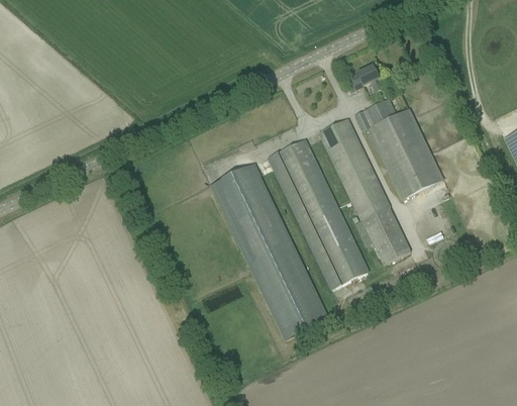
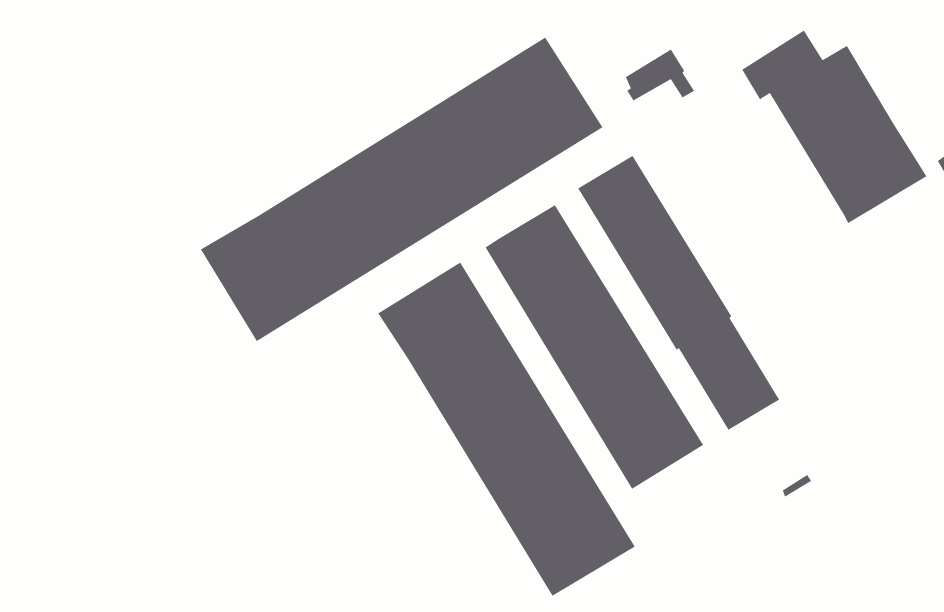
building: none -> [200,36,603,342]
building: [354,98,444,200] -> [741,29,928,224]

